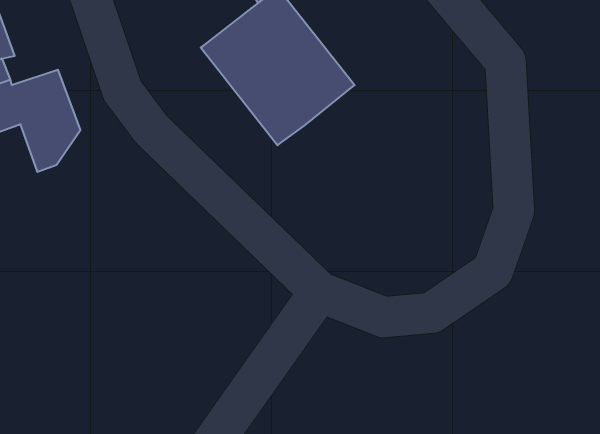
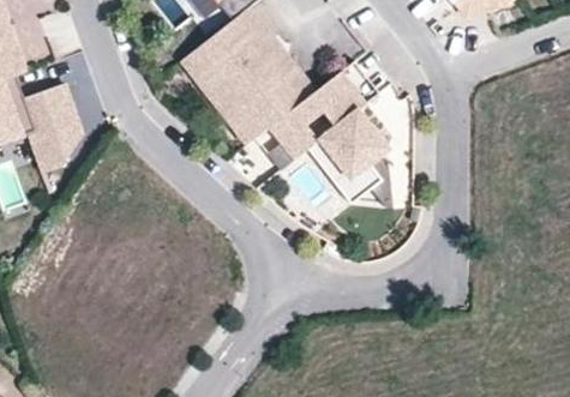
building: none -> [269,72,380,201]

